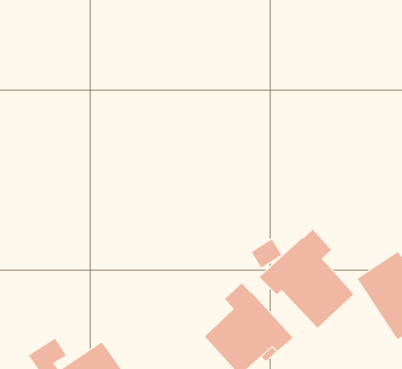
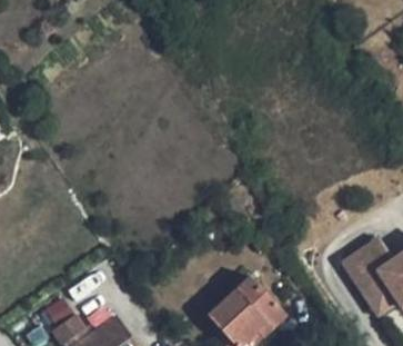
building: [259,229,354,328] -> none

